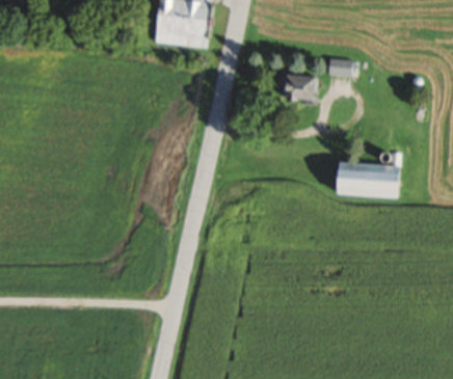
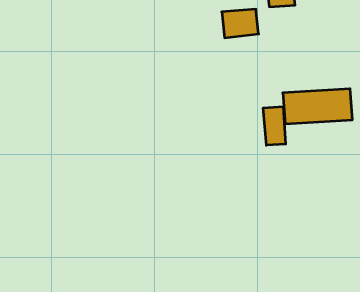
building: none -> [263,107,286,145]

